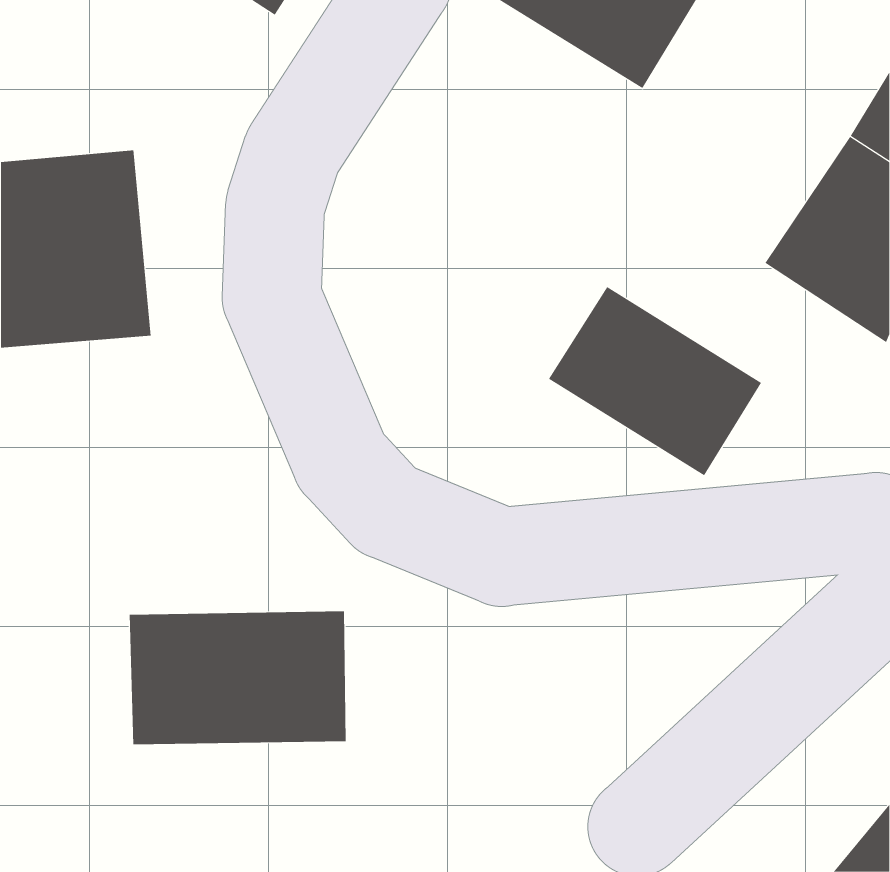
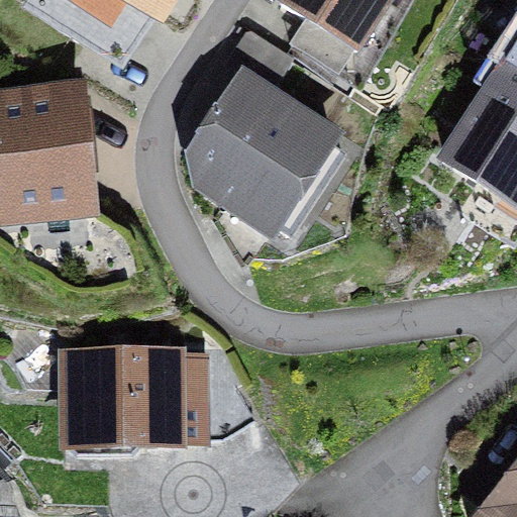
building: none -> [194,82,331,215]
building: [548,286,762,476] -> none

